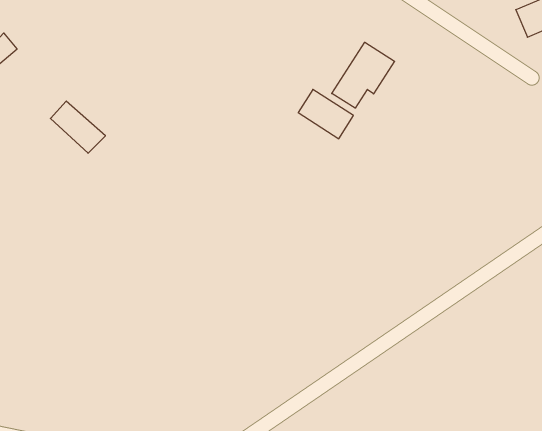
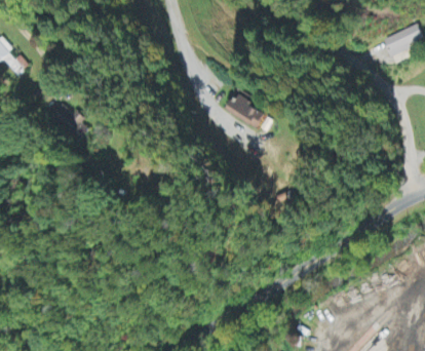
building: [332,42,395,108] -> none

